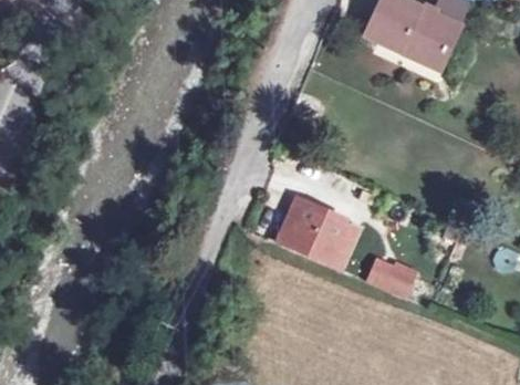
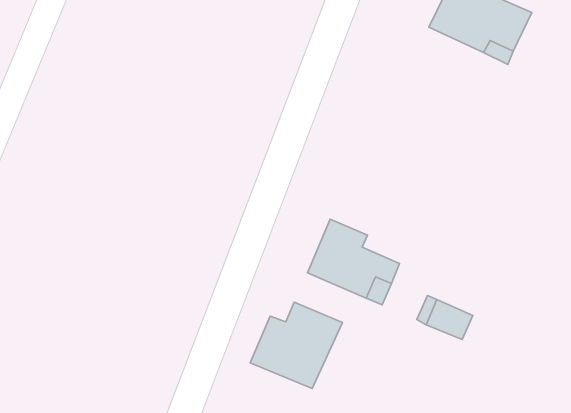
building: none -> [250,302,343,388]

